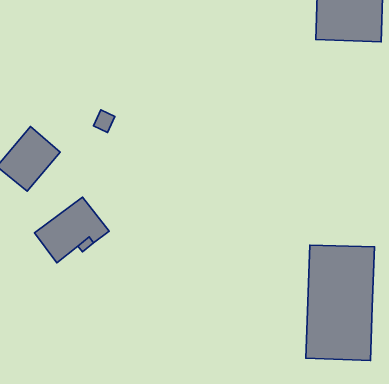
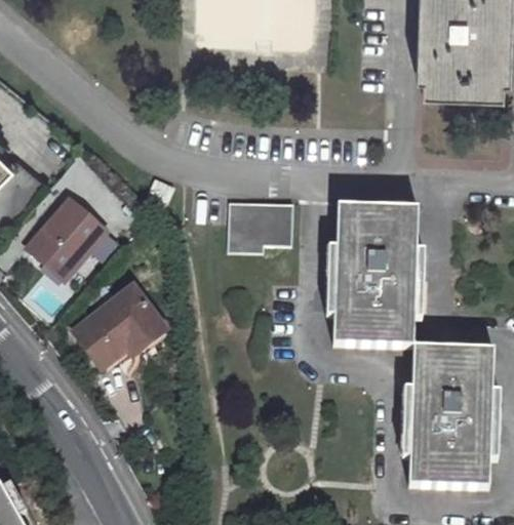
building: none -> [229,200,292,249]
building: none -> [333,204,419,345]

